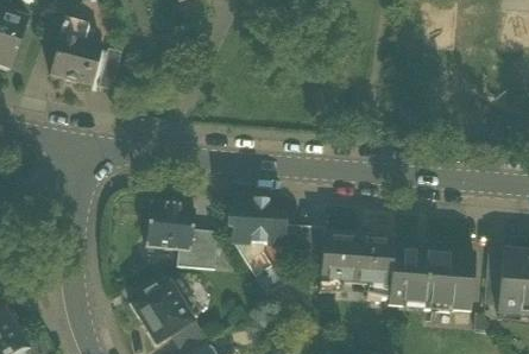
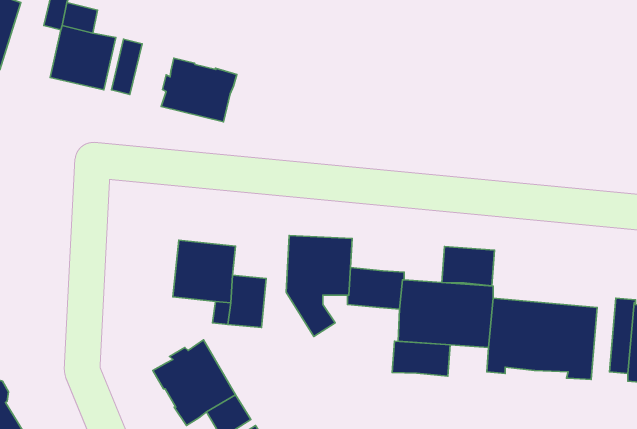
building: none -> [161,58,237,122]
building: none -> [442,247,494,286]
building: none -> [392,341,450,376]

